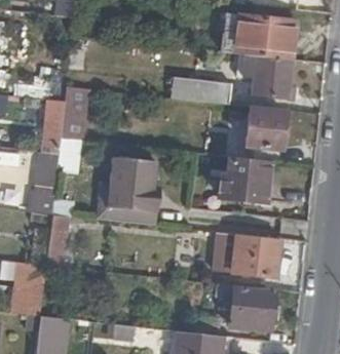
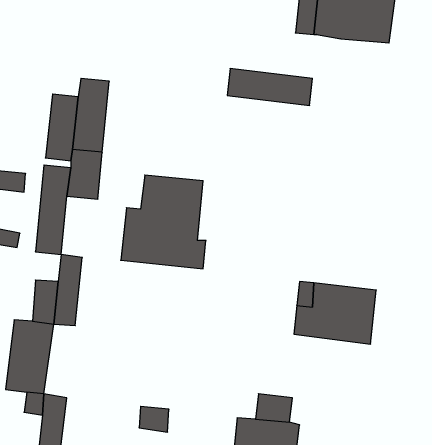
building: [234,54,294,100] -> none
building: [244,111,287,151] -> none
building: [220,161,270,203] -> none
building: [231,285,275,326] -> none

